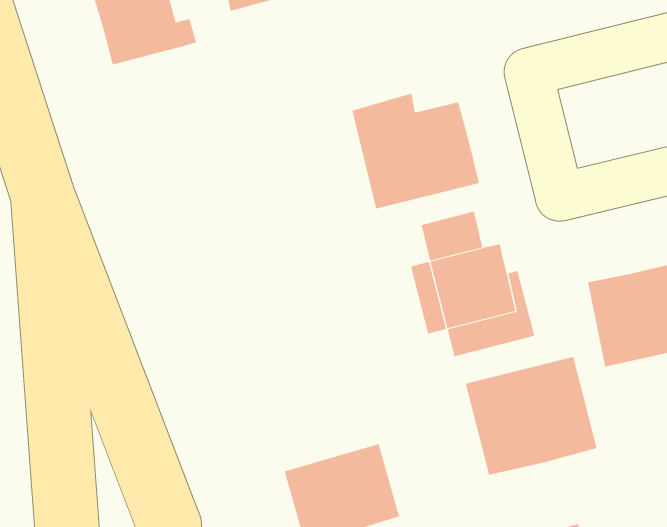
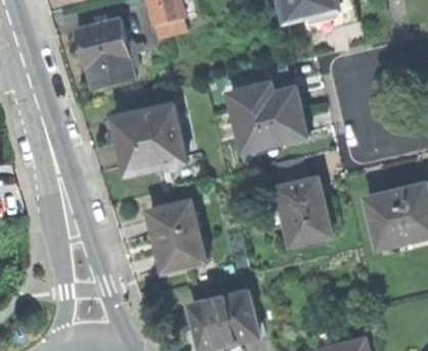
building: none -> [88,57,137,92]
building: none -> [113,105,188,174]
building: none -> [150,203,207,273]
building: [465,356,597,476] -> none

